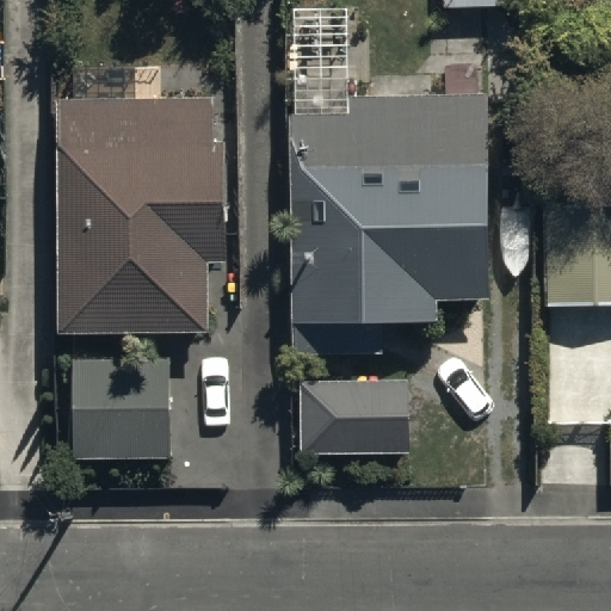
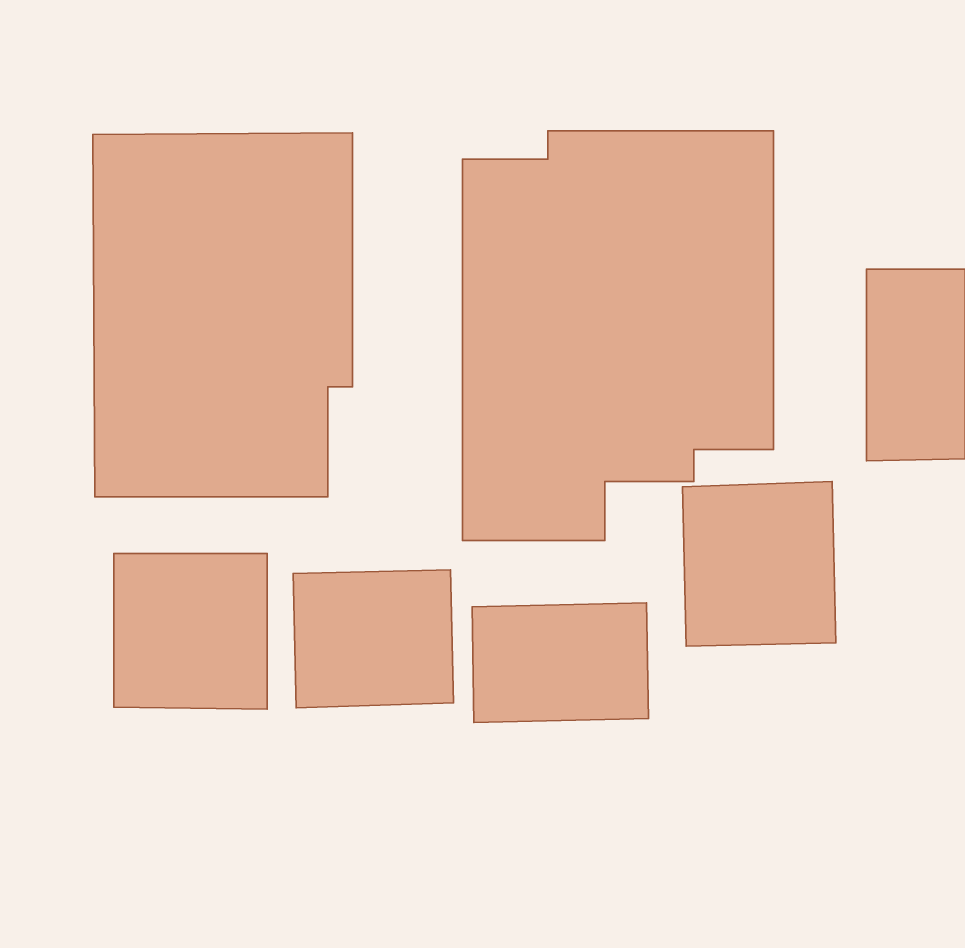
building: none -> [683,482,836,646]
building: none -> [293,570,453,708]

